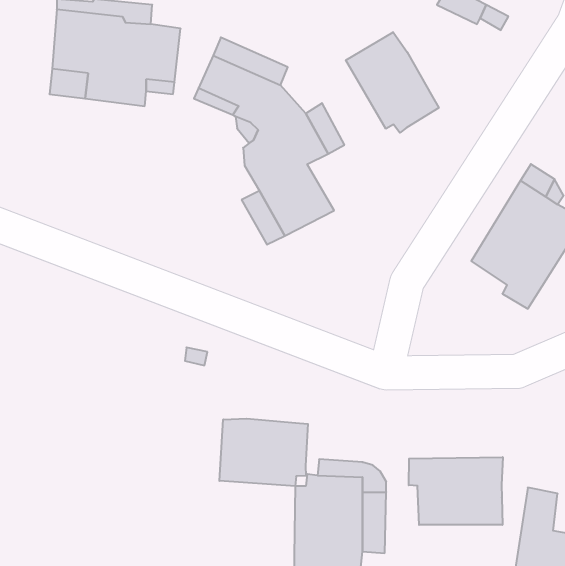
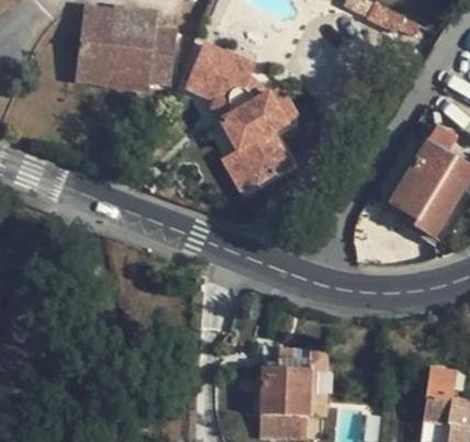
building: [346,32,439,133] -> none
building: [219,419,308,486] -> none
building: [409,457,503,525] -> none

